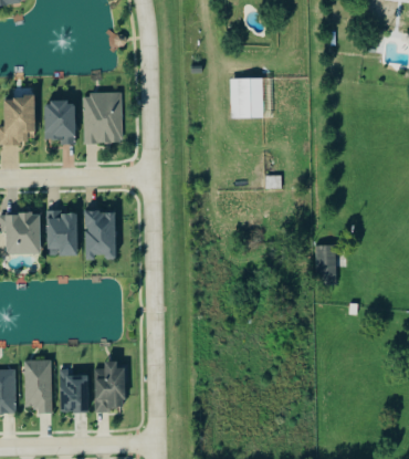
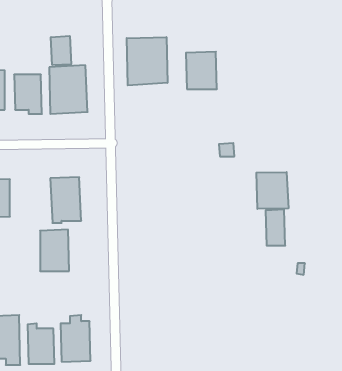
building: none -> [51,36,71,65]
building: none -> [127,37,167,85]
building: none -> [256,172,288,209]
building: [46,211,77,255] -> [40,230,69,271]

